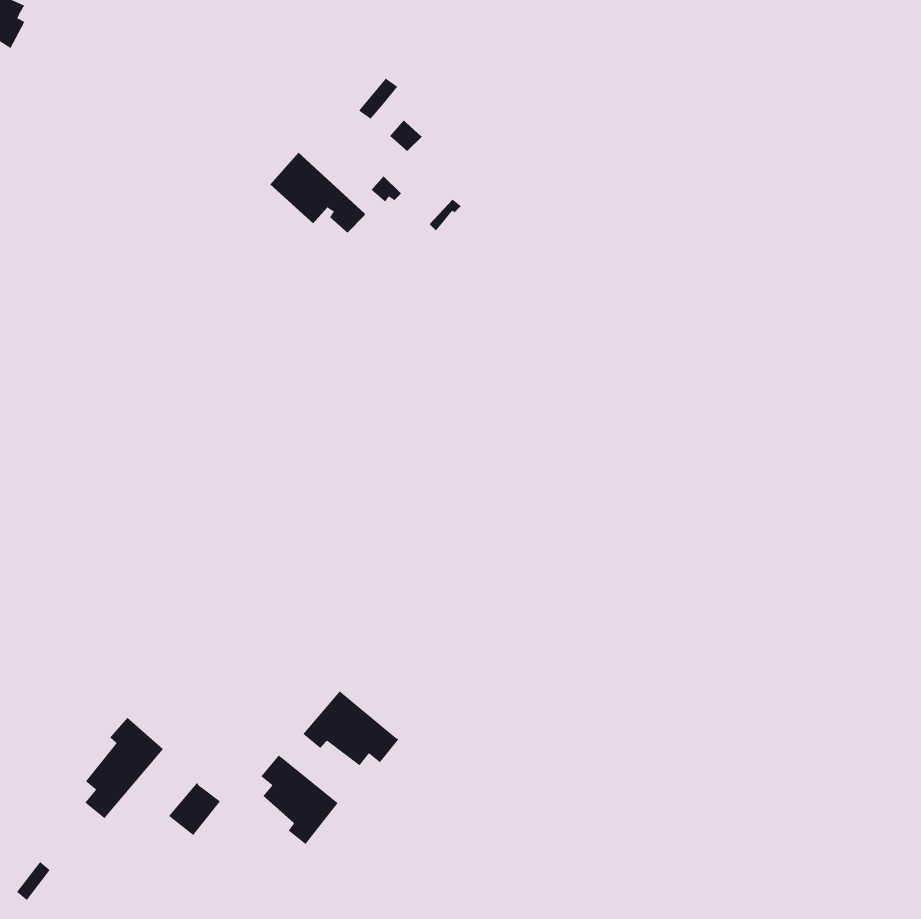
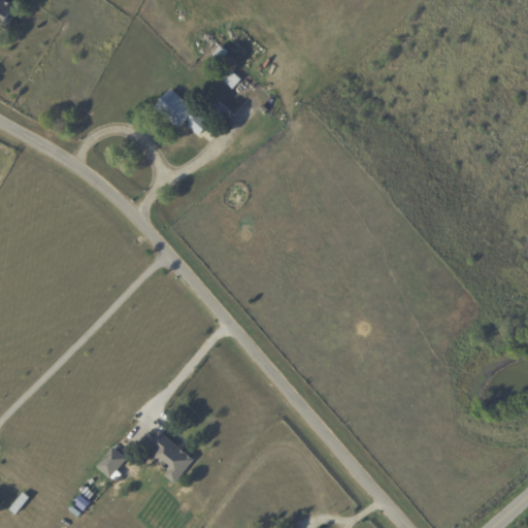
building: [303,691,399,766] -> none
building: [84,717,164,819] -> none

